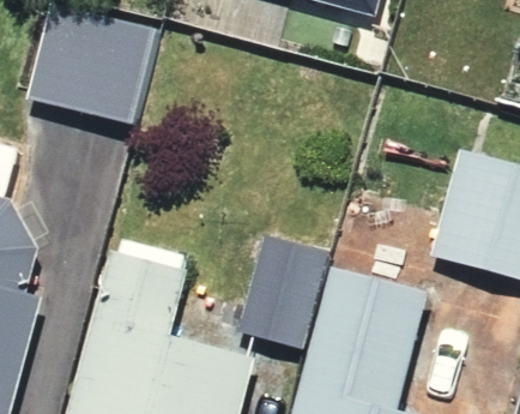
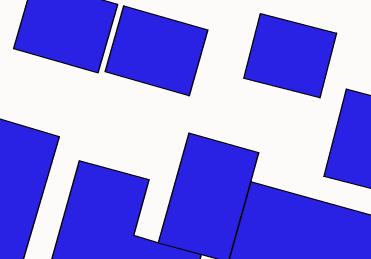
building: none -> [105,6,208,96]
building: none -> [244,14,337,98]

